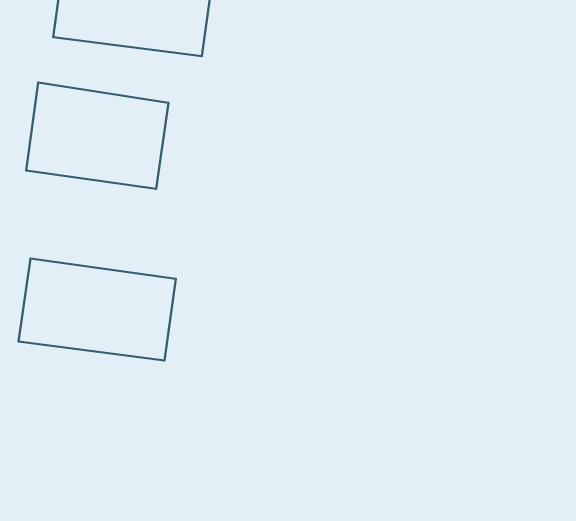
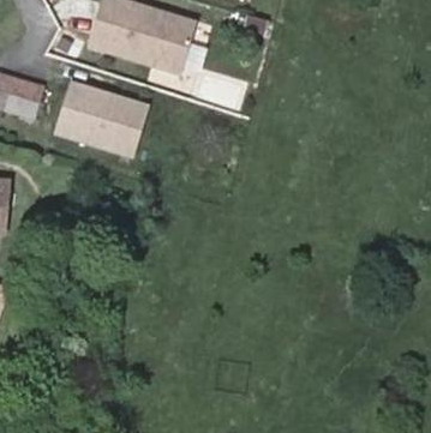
building: [18,258,176,361] -> none

